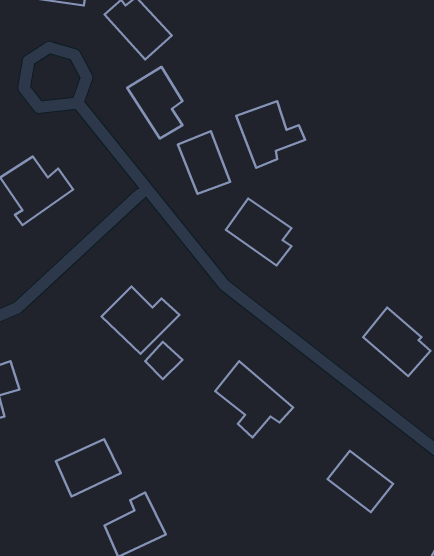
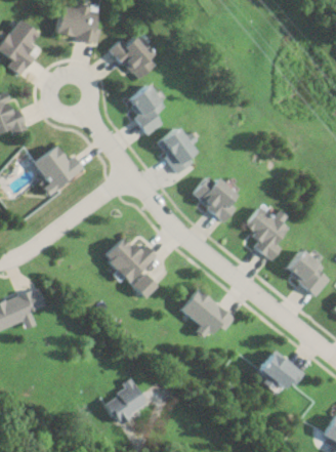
building: [236,101,305,168] -> none
building: none -> [243,207,289,260]
building: [56,439,121,496] -> none

